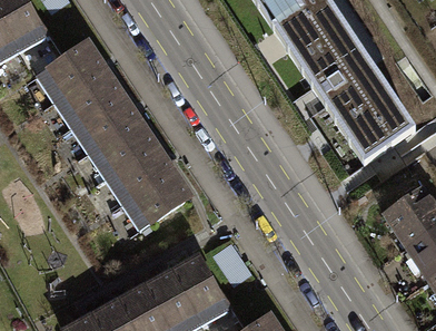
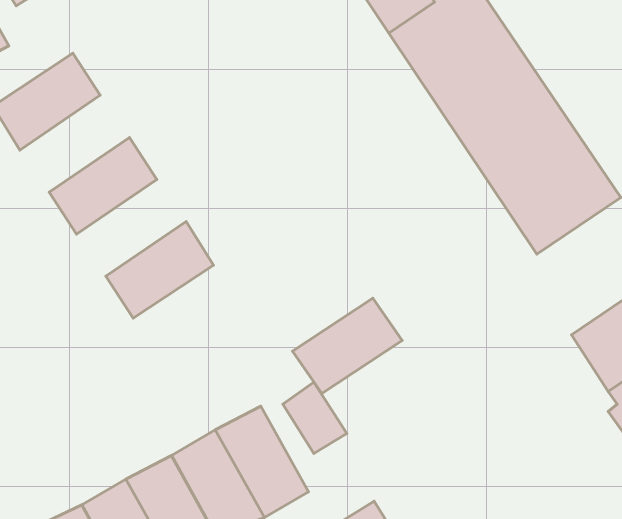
building: [51,65,118,124] -> none
building: [86,116,152,175] -> none
building: [120,168,187,226] -> [292,298,402,393]

